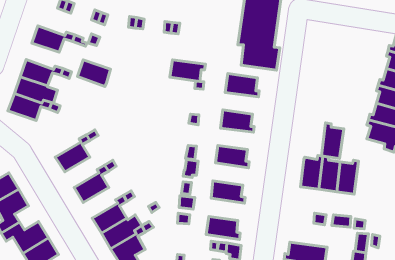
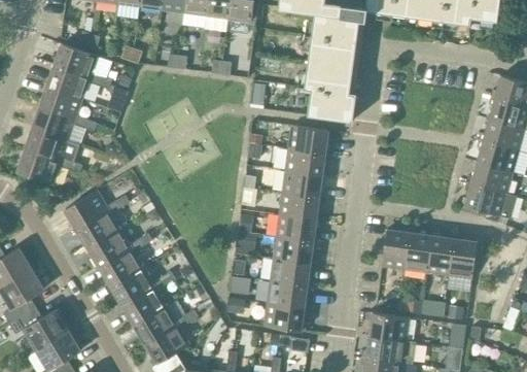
building: none -> [54,44,96,78]
building: [170,60,205,81] -> [284,149,328,176]
building: [77,60,110,86] -> [39,88,80,121]
building: [321,123,344,158] -> [448,235,476,279]
building: none -> [64,191,107,230]
building: none -> [278,194,322,221]
building: none -> [87,230,130,268]
building: none -> [272,237,316,265]
building: none -> [110,268,153,306]
building: none -> [267,281,311,309]
building: none -> [365,312,408,341]

